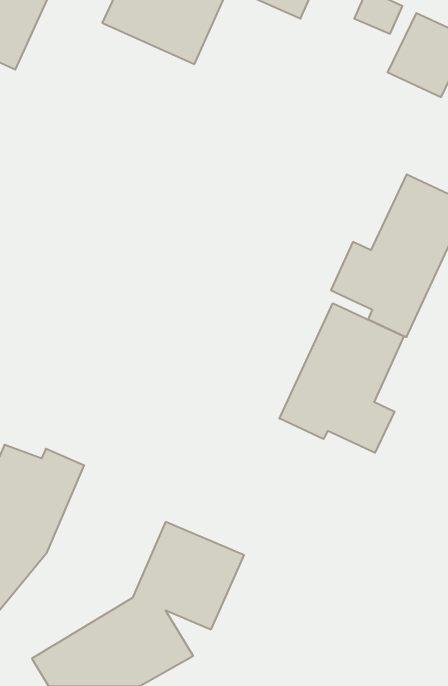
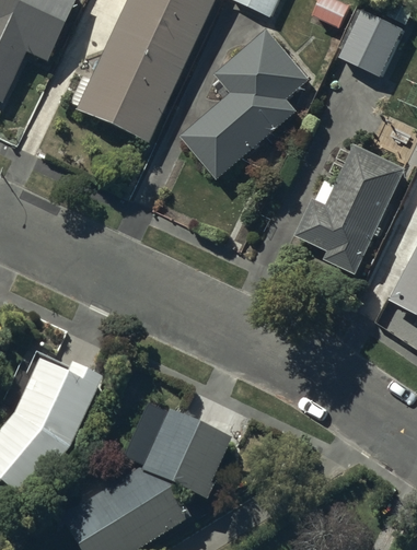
building: none -> [74,21,188,141]
building: none -> [183,33,314,184]
building: [279,303,404,453] -> none

